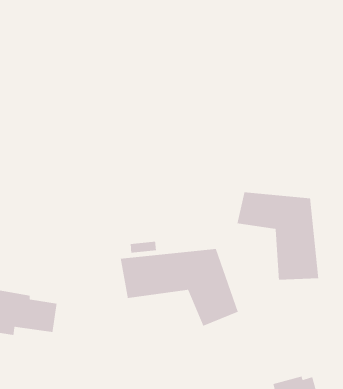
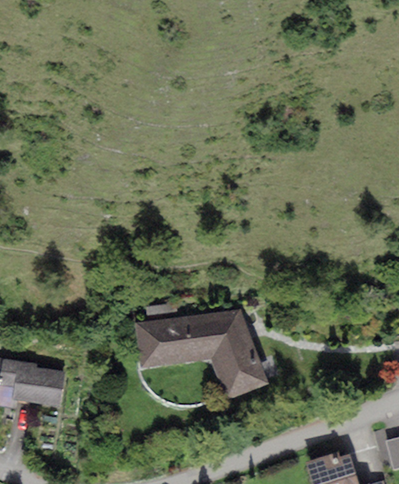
building: [236,191,319,281] -> none

